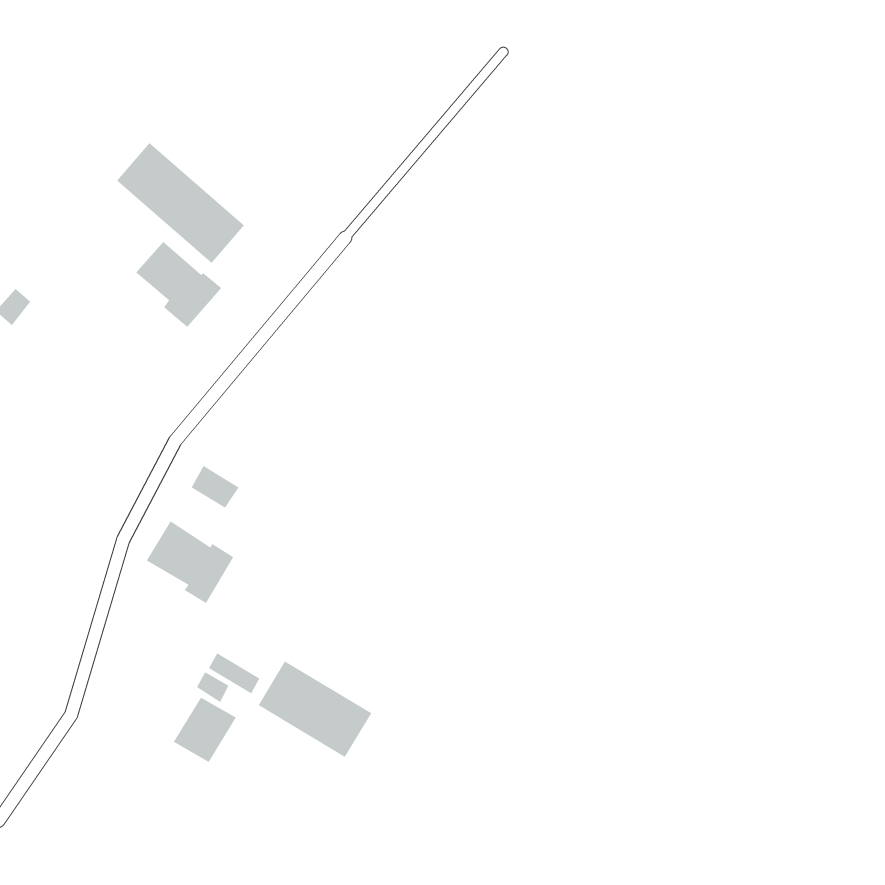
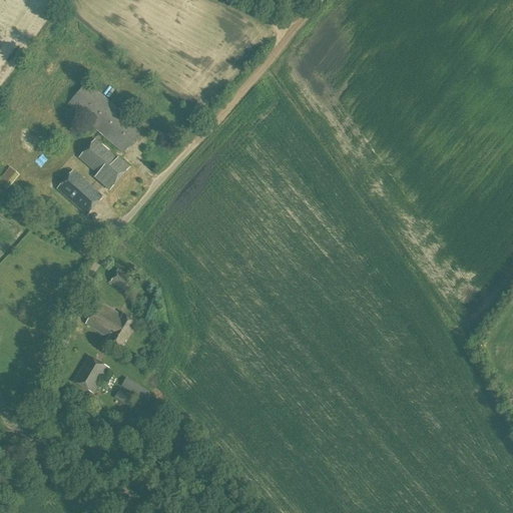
building: none -> [56,169,102,214]
building: [258,661,372,758] -> none
building: [173,697,237,763] -> [71,355,108,393]

